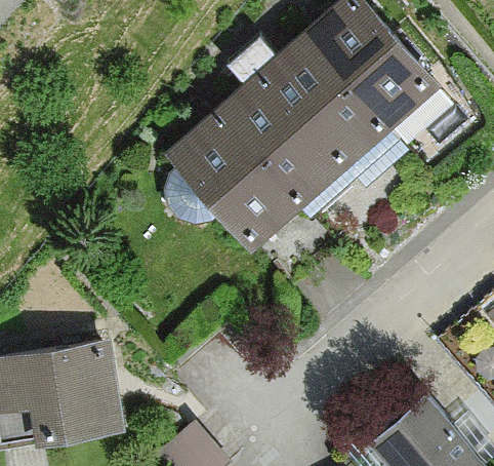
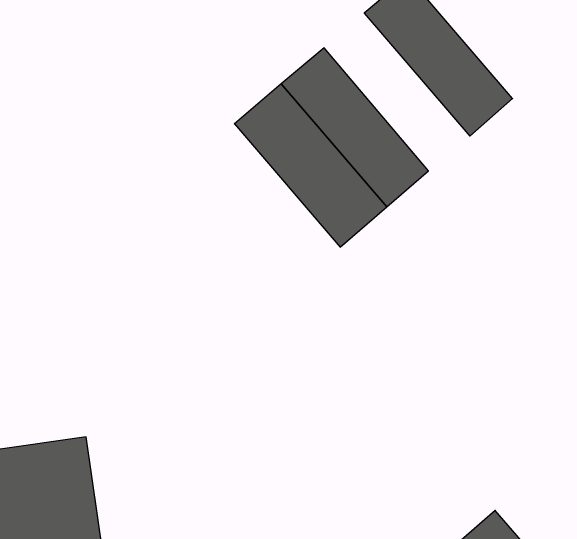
building: [294,17,406,139] -> none
building: [171,103,306,244] -> none

